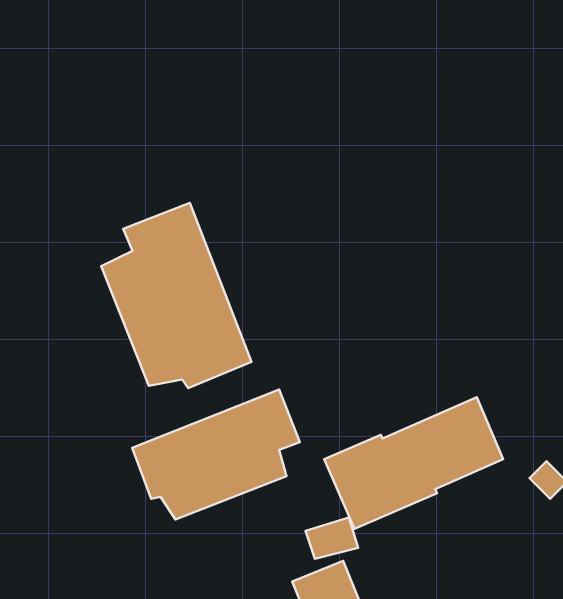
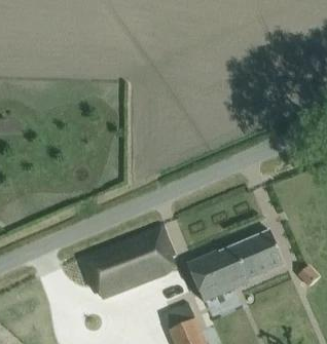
building: [101,203,252,388] -> none

